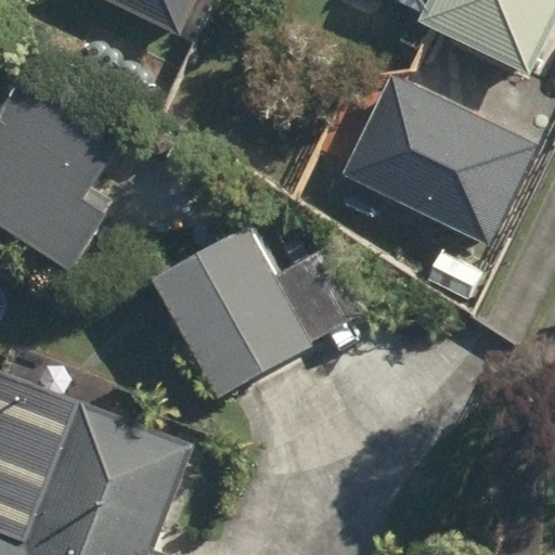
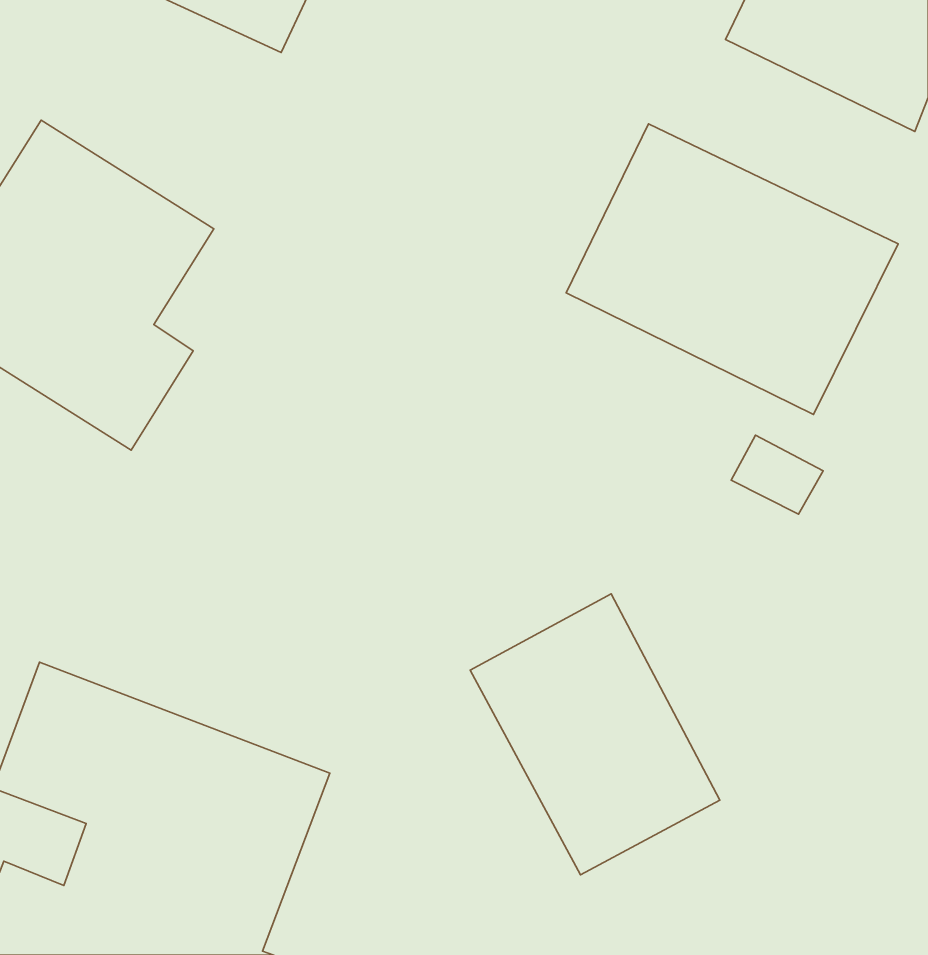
building: [159,227,320,398] -> none
building: none -> [470,594,720,875]

